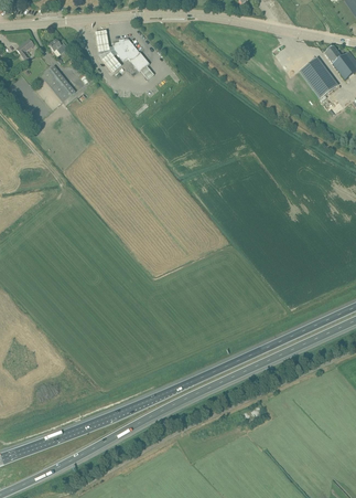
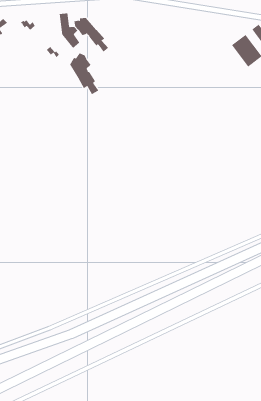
building: [42,66,75,102] -> none
building: none -> [70,52,99,95]

